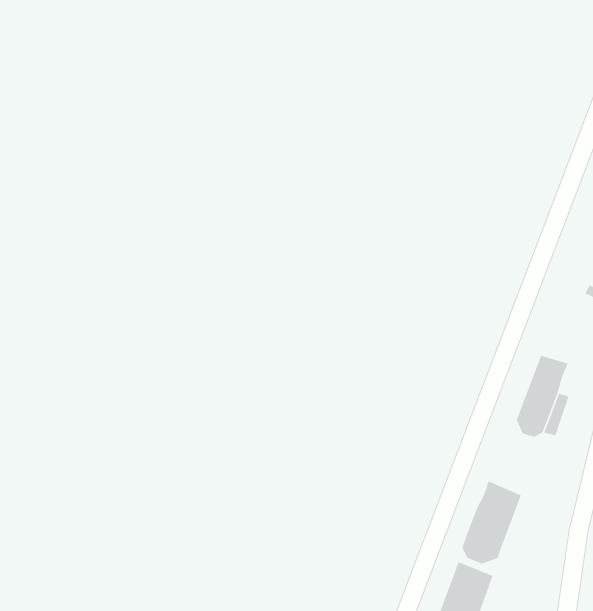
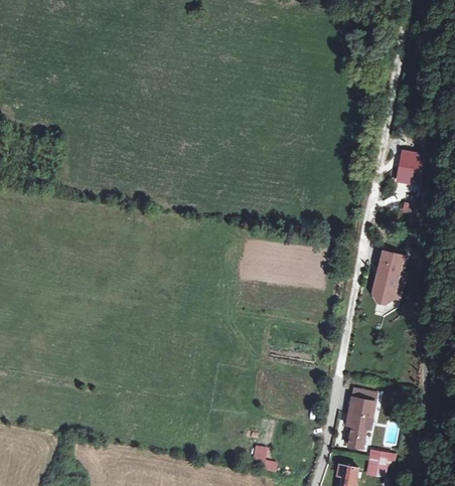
building: [461,480,522,565] -> none

